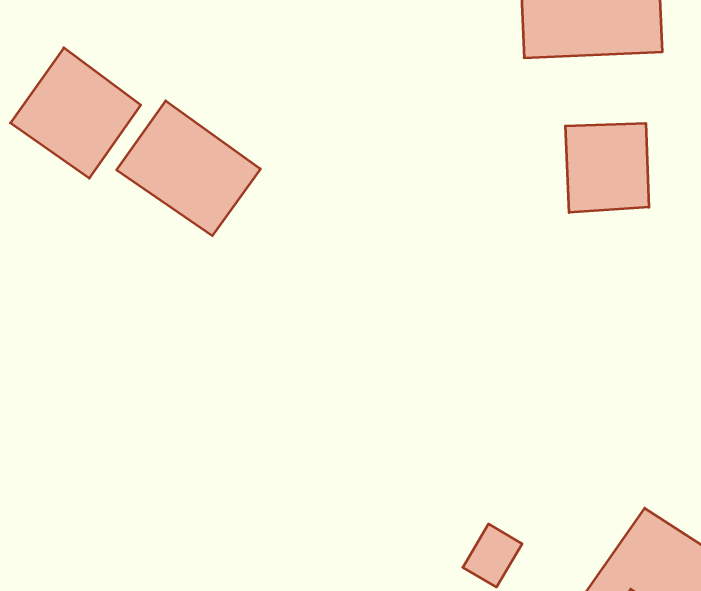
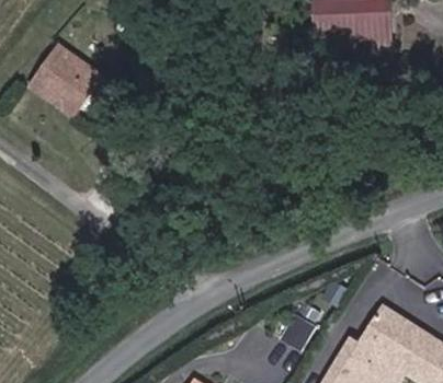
building: [117,101,260,236] -> none
building: [565,123,649,213] -> none

